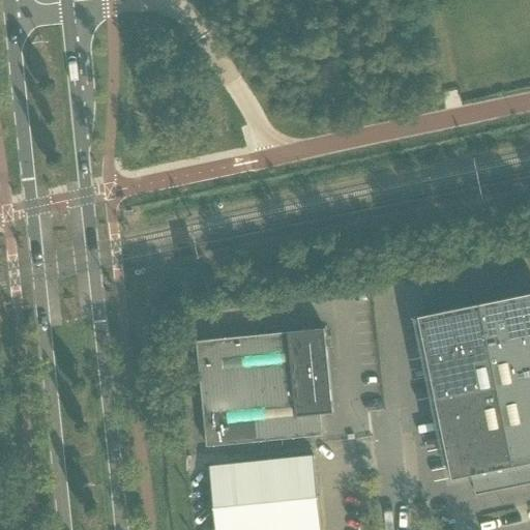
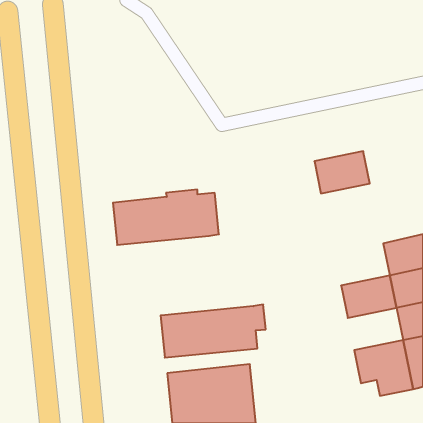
building: [418,304,488,357] -> [314,151,370,193]
building: [197,325,329,394] -> [113,190,219,245]
building: [435,385,504,438] -> none

